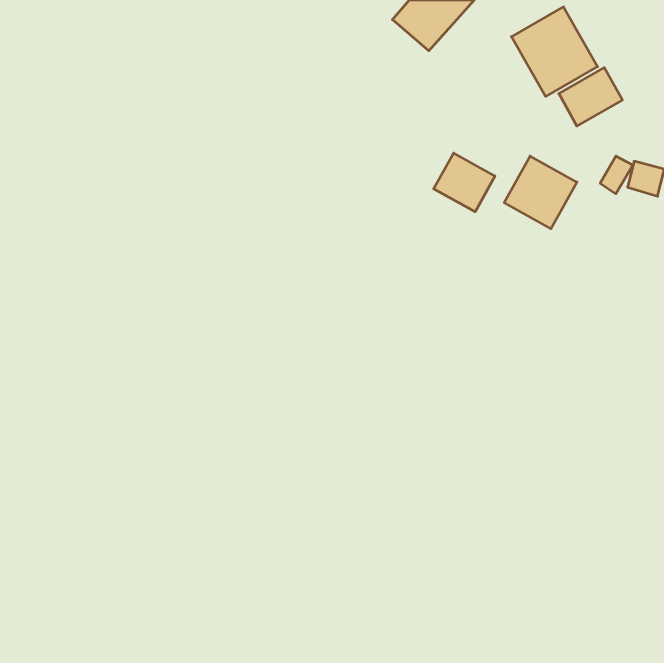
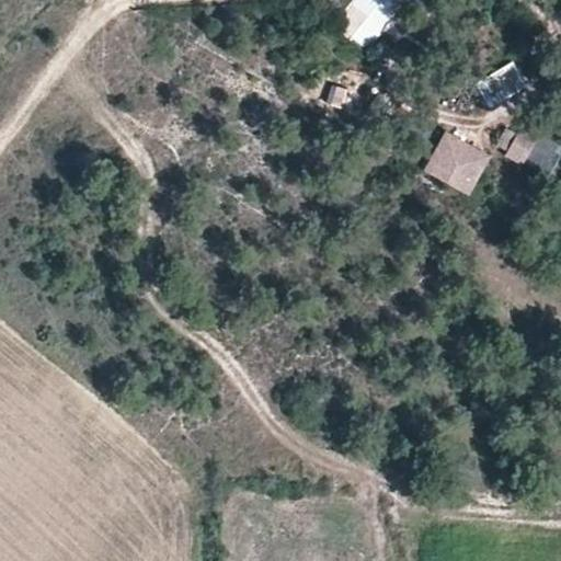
building: [511,7,598,96] -> none
building: [434,153,495,212] -> none

